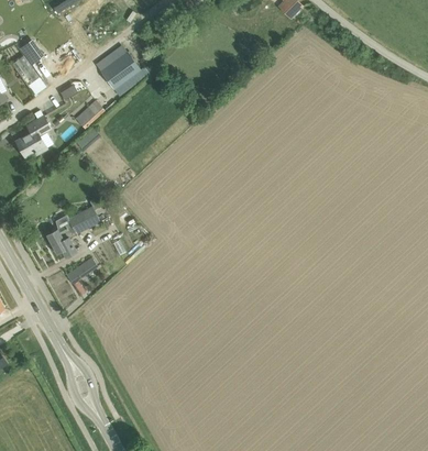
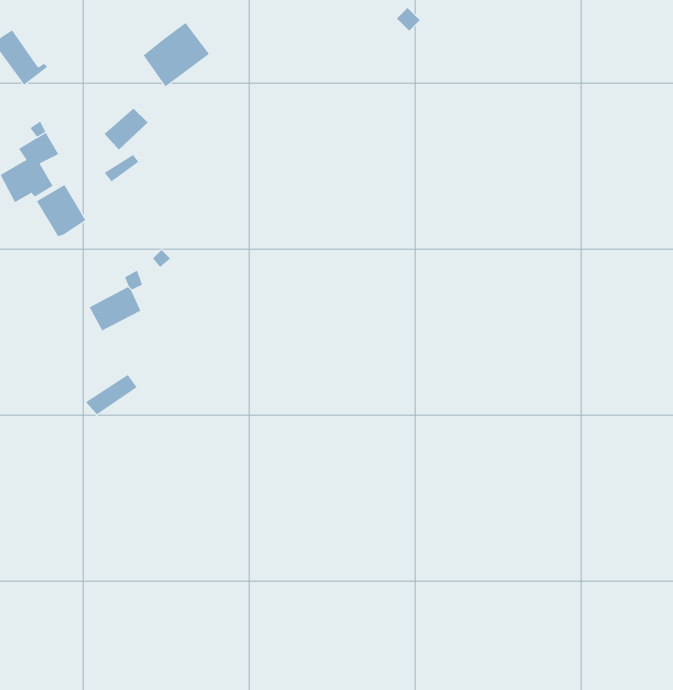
building: none -> [36,184,86,237]
building: [46,214,76,256] -> none

